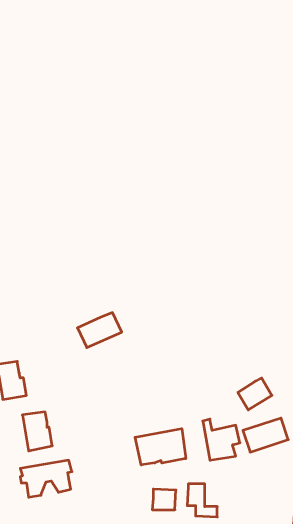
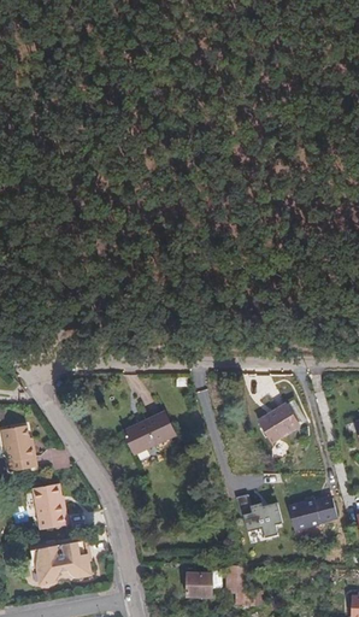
building: [77,313,122,348] -> [123,413,175,454]
building: [238,378,272,410] -> [258,407,298,445]
building: [135,429,186,465] -> none

